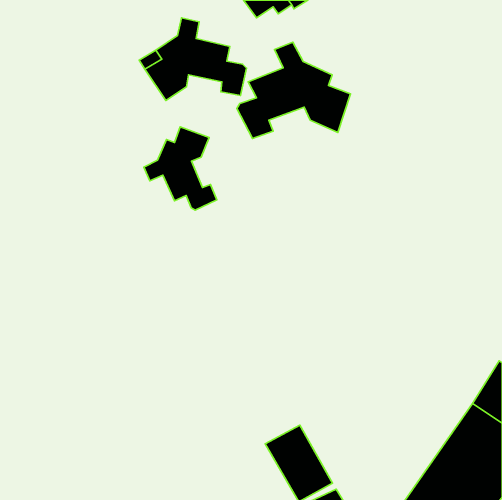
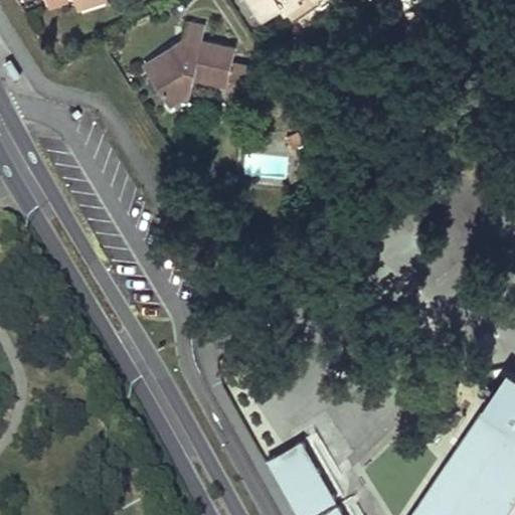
building: [237,42,351,139] -> none
building: [144,127,217,210] -> none

